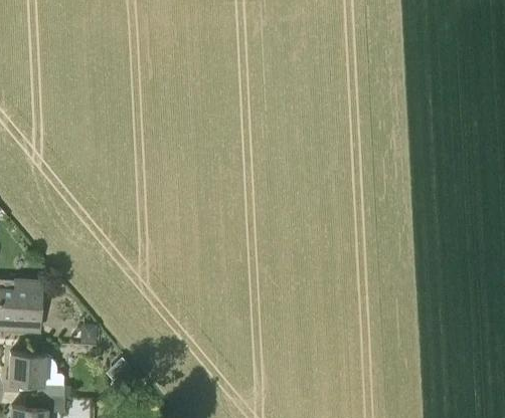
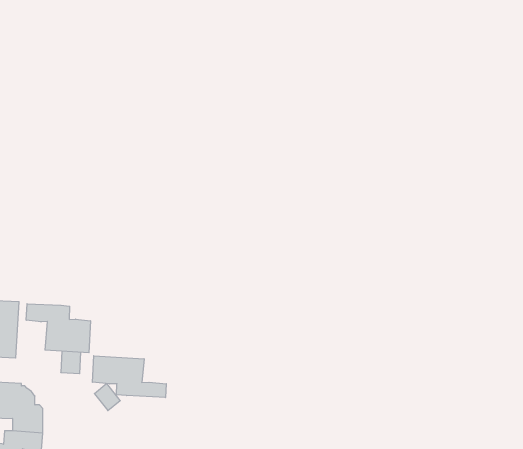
building: none -> [26,304,90,353]
building: none -> [92,356,166,398]

